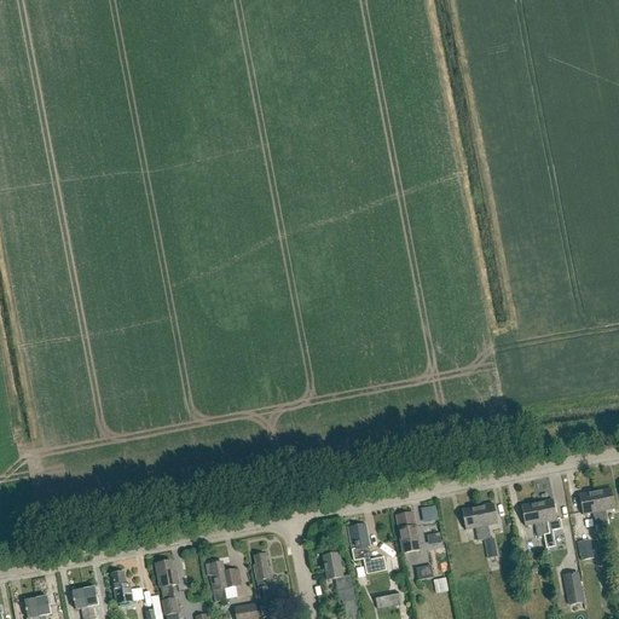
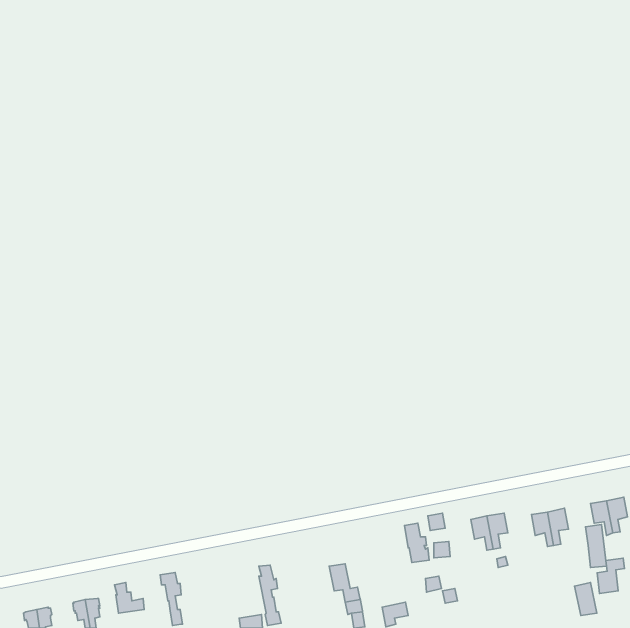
building: [348,522,387,573] -> none
building: none -> [597,558,625,594]
building: [206,561,241,602] -> none

